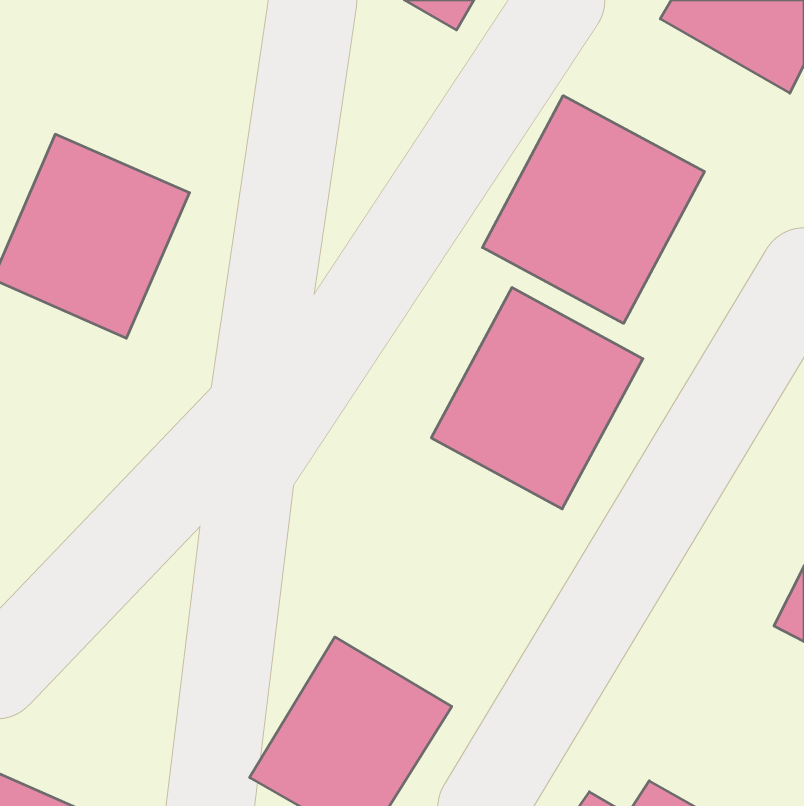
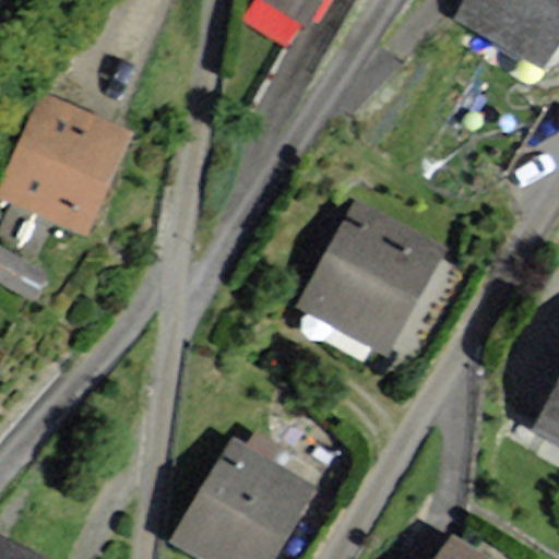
building: [482,96,704,323] -> none

